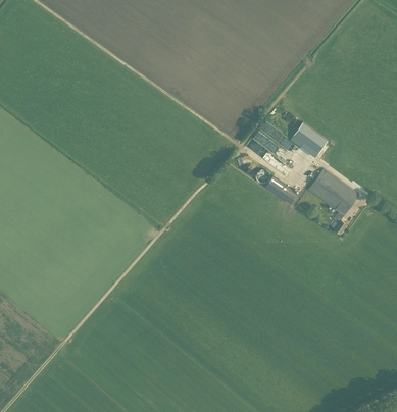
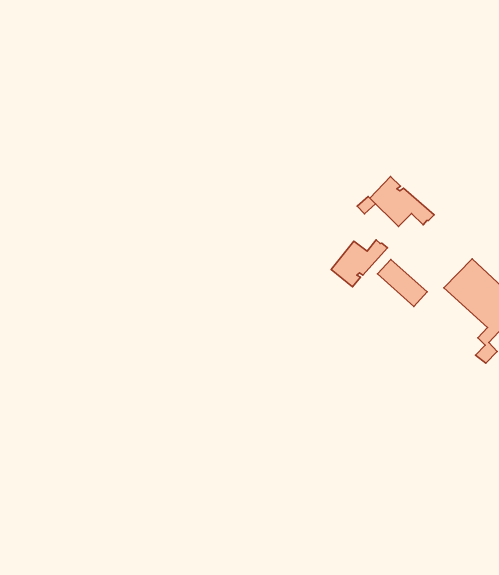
building: [293,122,328,152] -> none
building: none -> [331,240,387,287]

